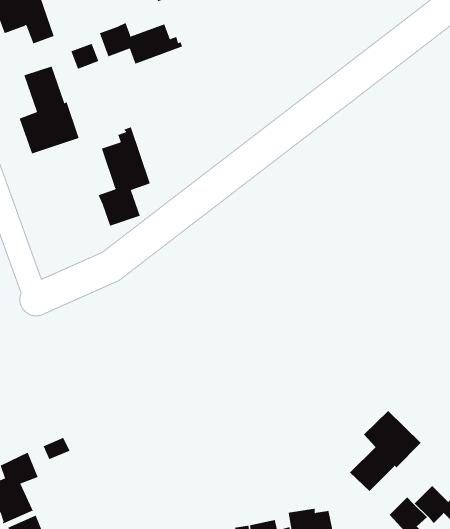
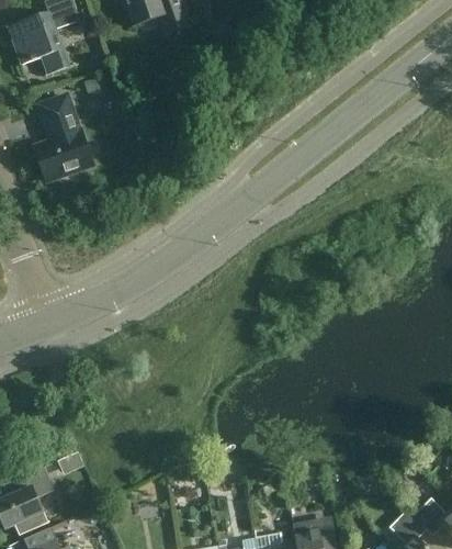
building: [99,22,183,64] -> none
building: [98,127,151,227] -> none
building: [349,410,422,492] -> none

